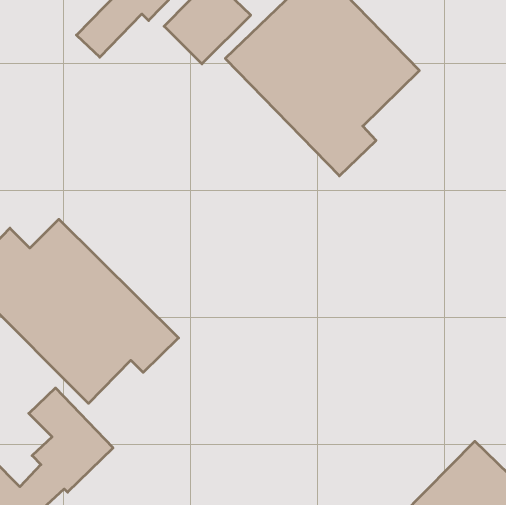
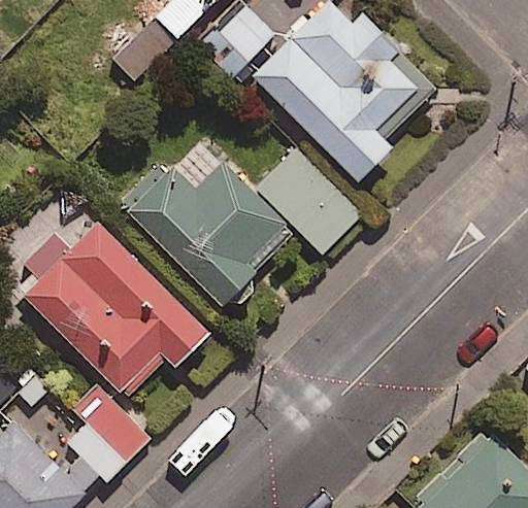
building: none -> [120,147,291,305]
building: none -> [256,150,359,255]

